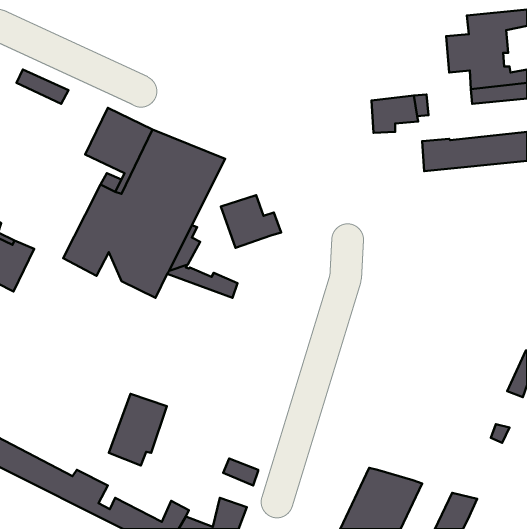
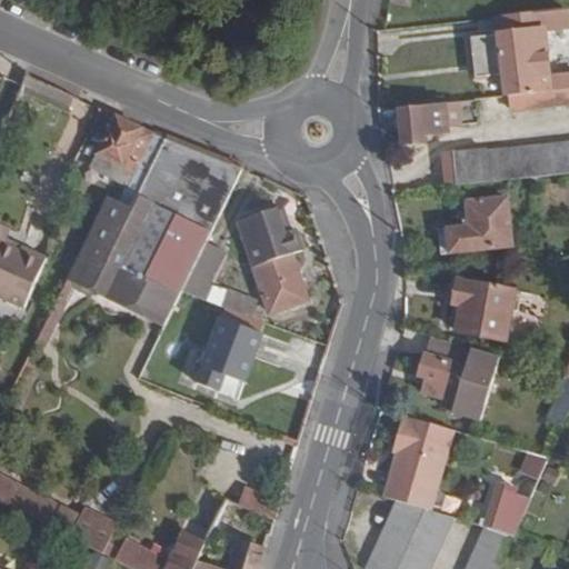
building: none -> [440,199,509,254]
building: none -> [252,252,306,311]
building: none -> [452,282,511,340]
building: none -> [419,337,498,419]
building: none -> [383,417,453,511]
building: [109,394,167,465] -> [198,320,260,397]
building: none -> [486,479,529,533]

